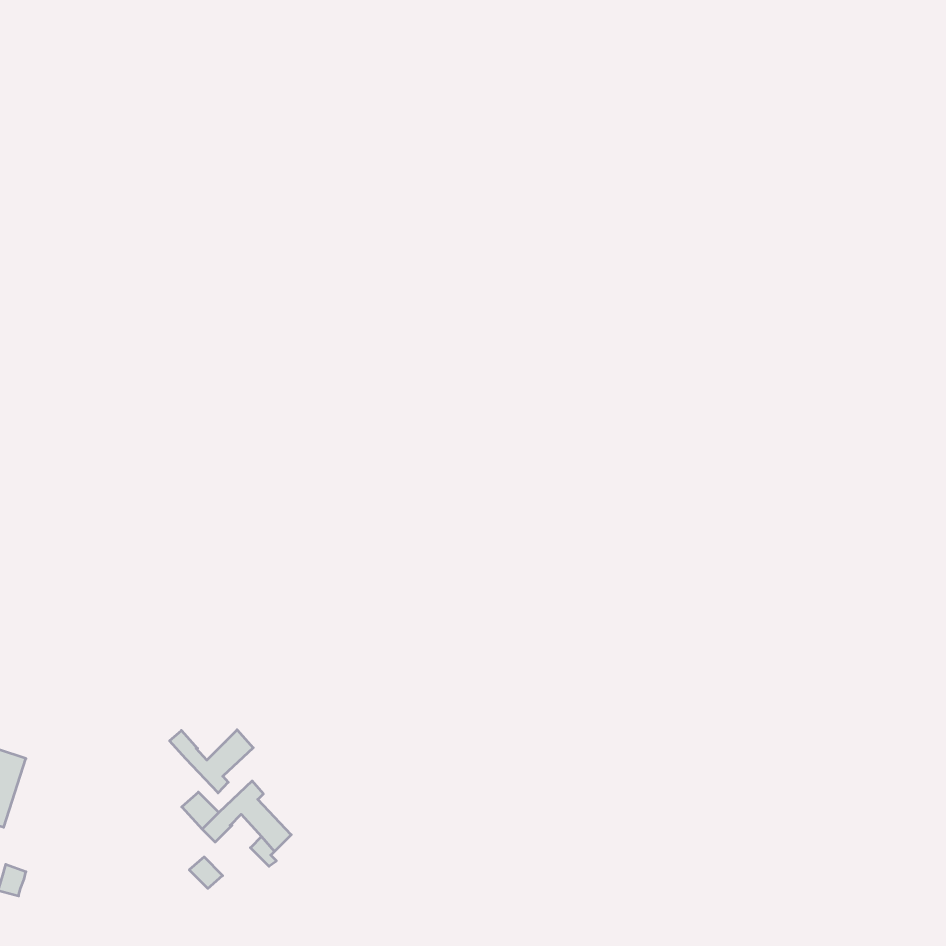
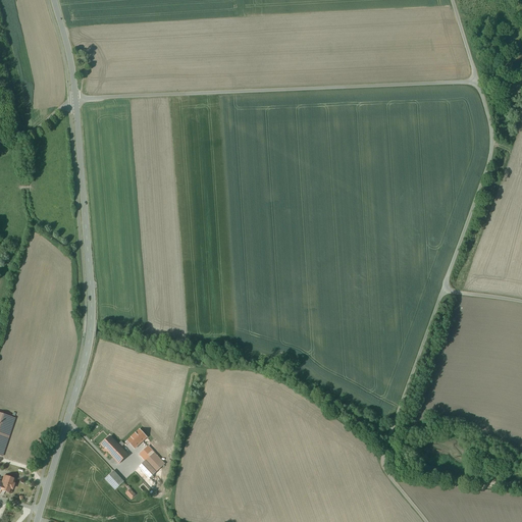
building: [170,730,253,793] -> none

